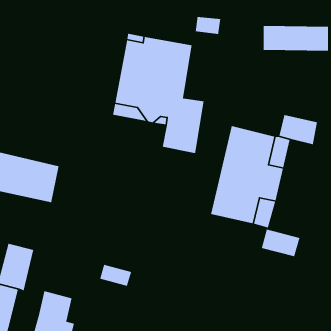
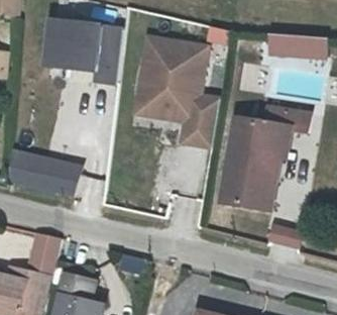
building: none -> [44,11,124,74]

